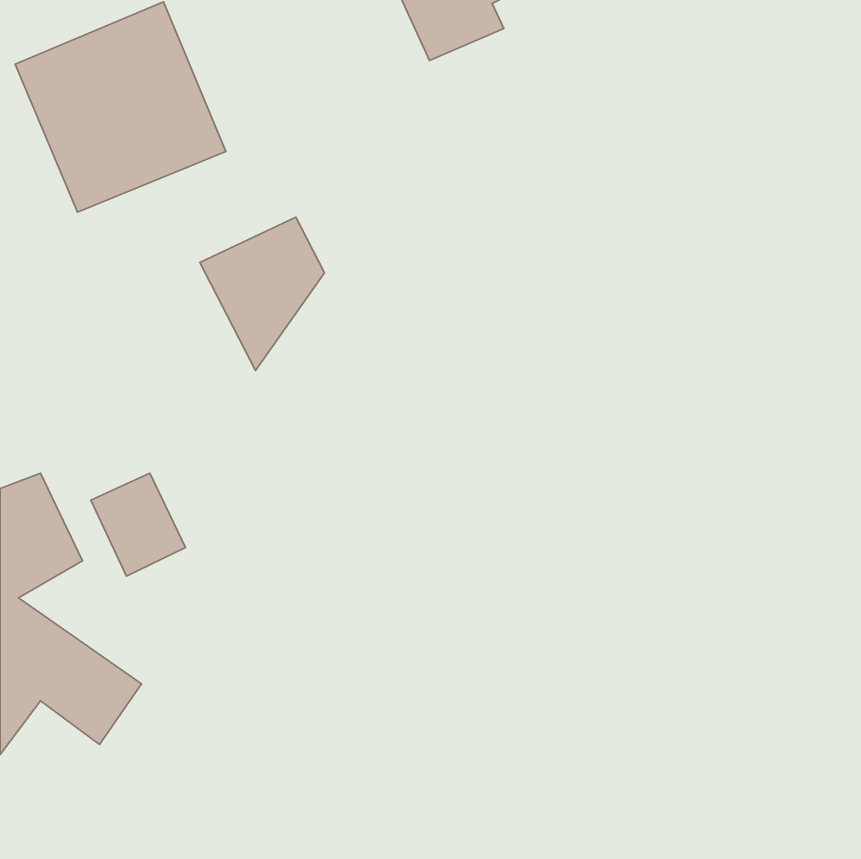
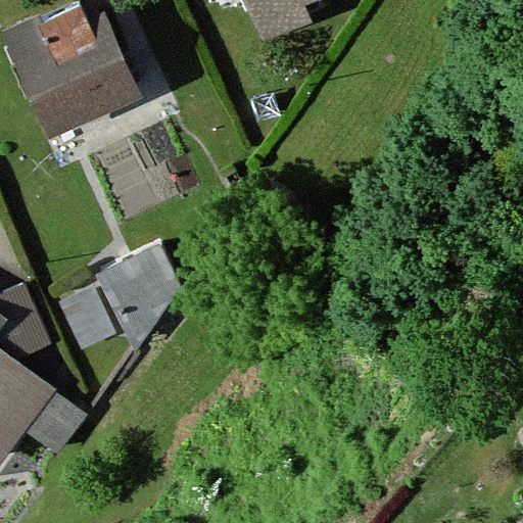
building: [200,217,325,370] -> [101,251,177,344]

